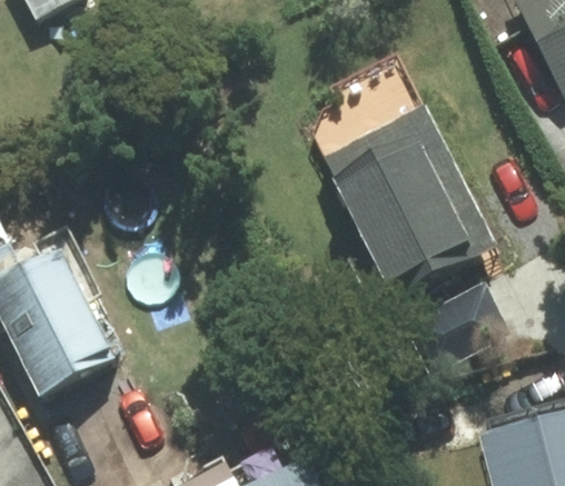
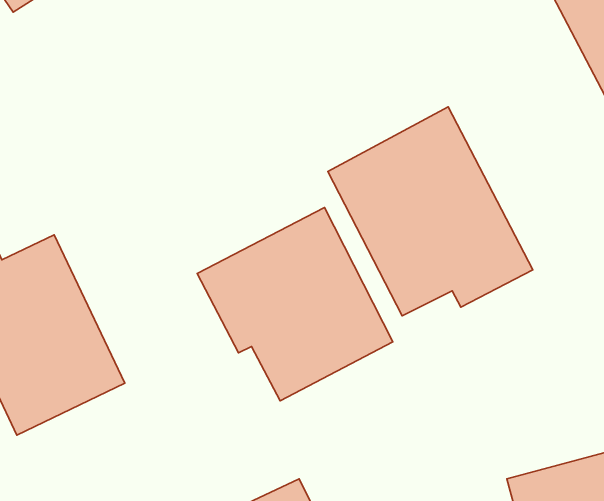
building: none -> [197,207,393,401]

